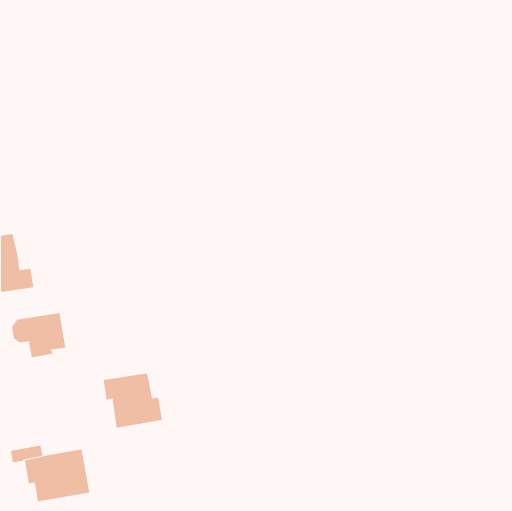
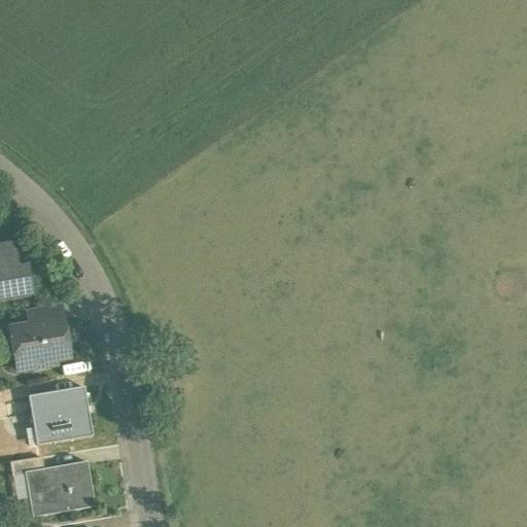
building: none -> [27,304,62,326]
building: [103,373,163,428] -> [29,387,91,444]

